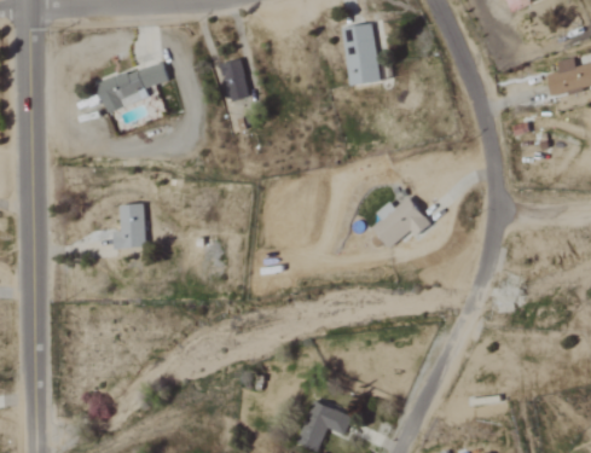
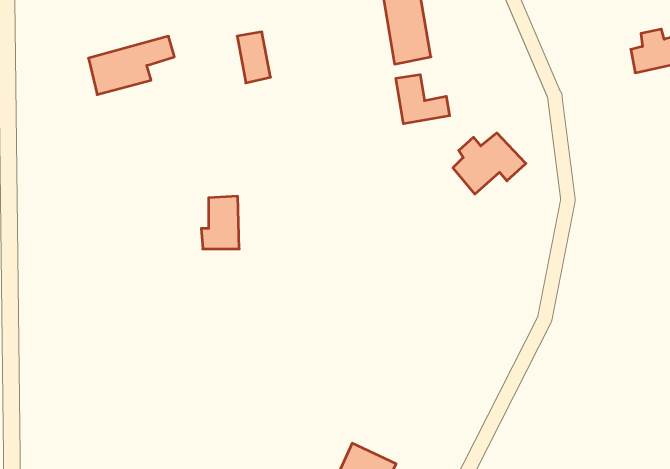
building: none -> [396,75,450,124]
building: [371,197,431,248] -> [453,133,526,194]
building: [112,204,144,248] -> [201,196,239,249]

